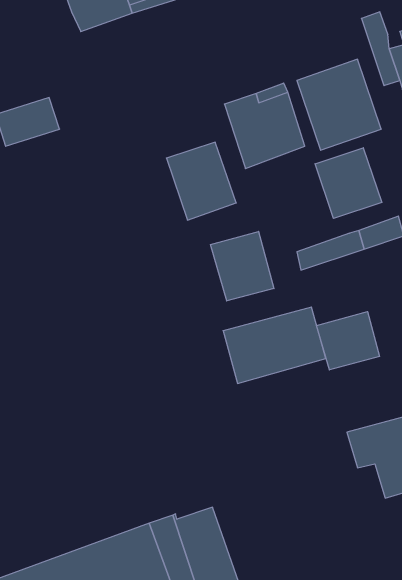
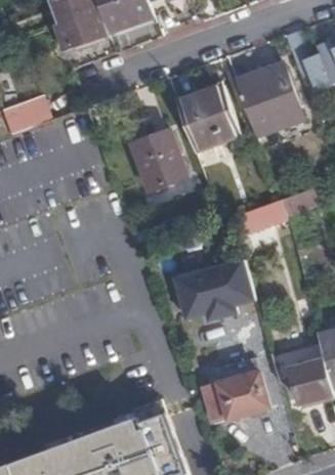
building: [315,148,382,218] -> none
building: [211,231,274,301] -> none
building: [317,312,380,370] -> none
building: none -> [209,372,274,423]

